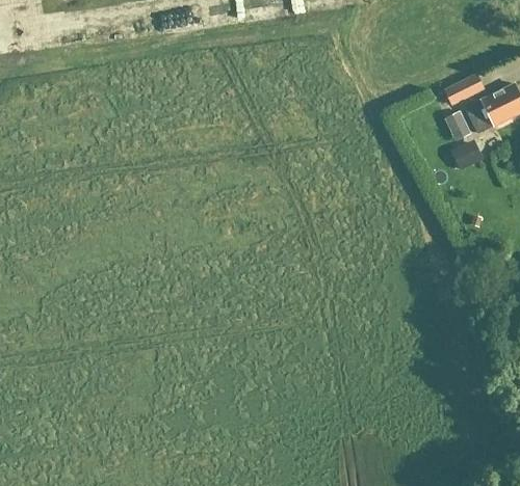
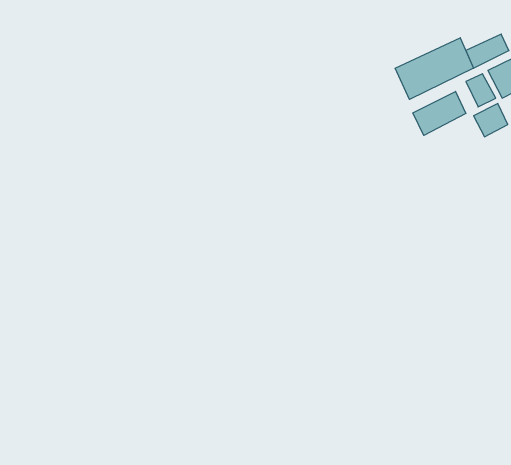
building: none -> [395,38,473,99]
building: none -> [413,91,466,135]

